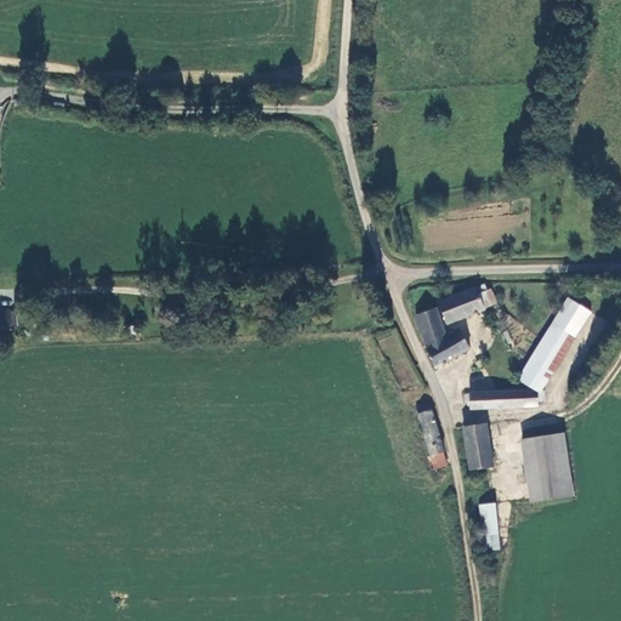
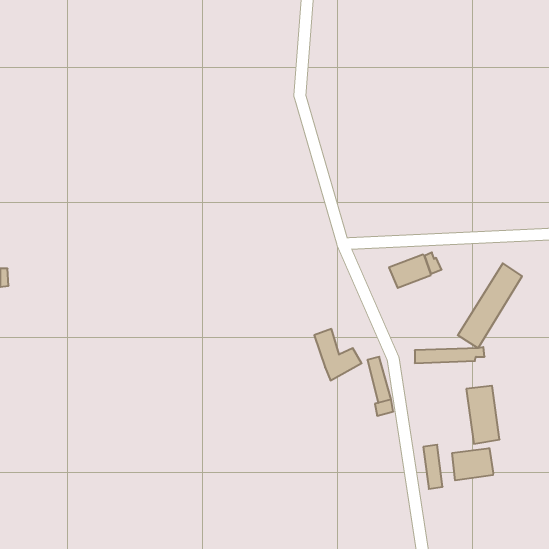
building: [417,308,471,366] -> [314,329,362,380]
building: [460,422,491,468] -> none
building: none -> [452,448,493,480]

